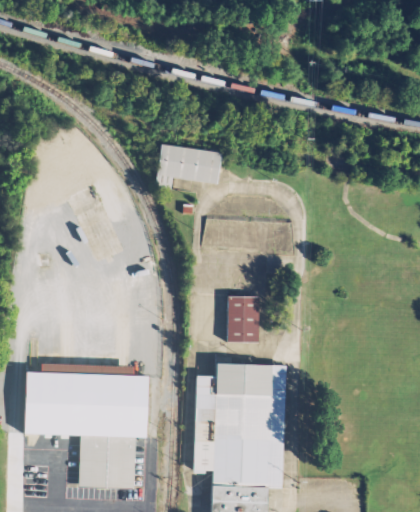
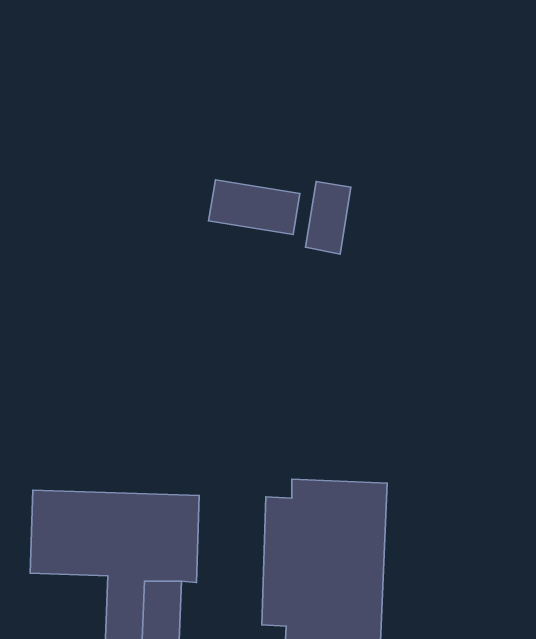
building: none -> [306,182,351,254]
building: [227,296,258,342] -> none

